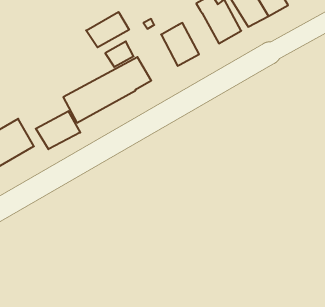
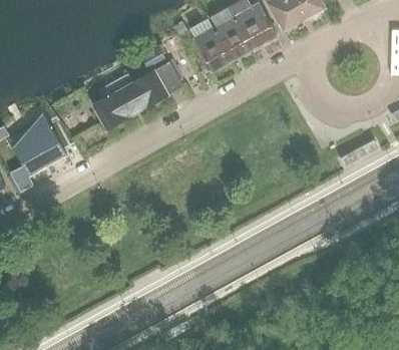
building: [86,12,129,47] -> none
building: none -> [216,15,253,57]
building: [36,111,80,149] -> none

